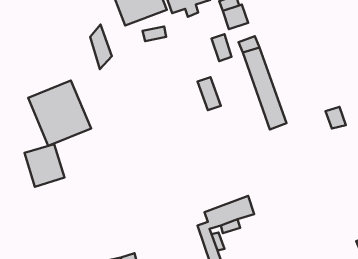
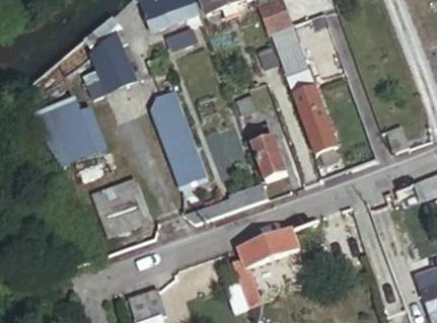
building: none -> [85,44,119,88]
building: none -> [149,87,207,185]
building: none -> [247,127,284,179]
building: [24,144,65,187] -> [94,183,141,233]

